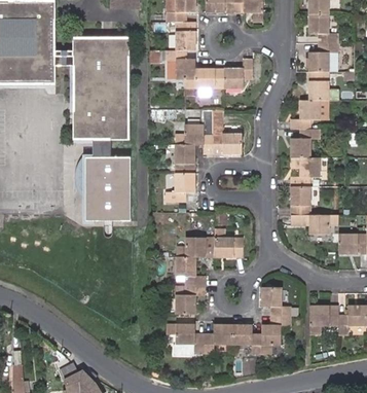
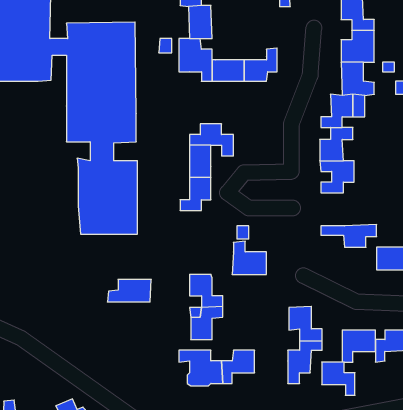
building: [214,110,243,153] -> none
building: [290,185,310,214] -> none
building: [176,237,214,256] -> [107,279,151,302]
building: [232,322,261,351] -> [322,362,355,395]

